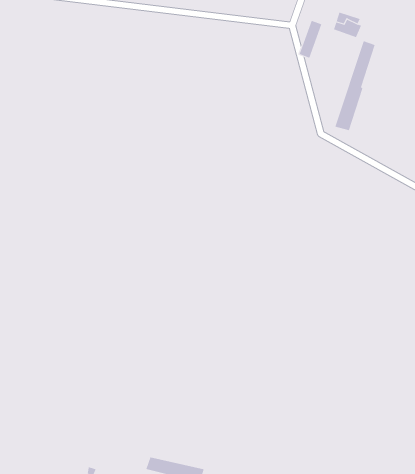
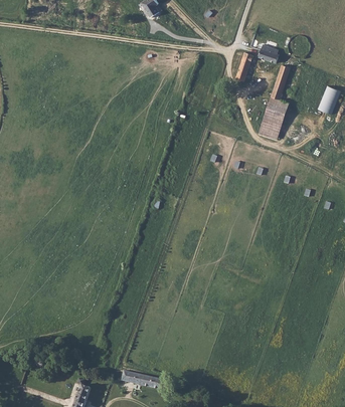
building: none -> [257,99,289,140]

